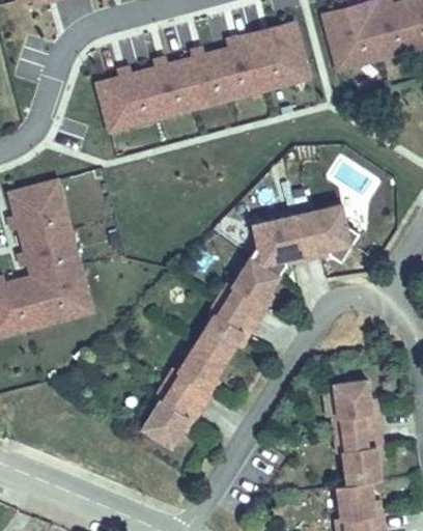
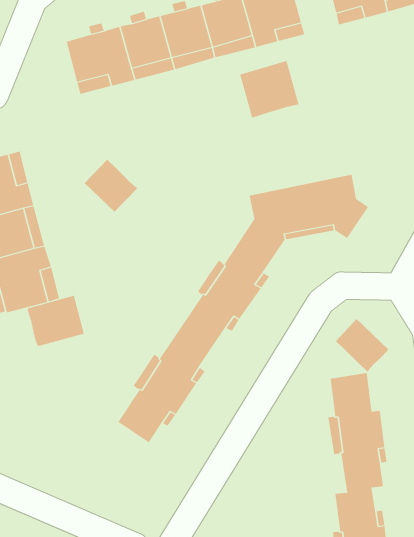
building: none -> [239,60,299,119]
building: none -> [84,159,138,212]
building: none -> [27,295,85,347]
building: none -> [335,318,389,373]

